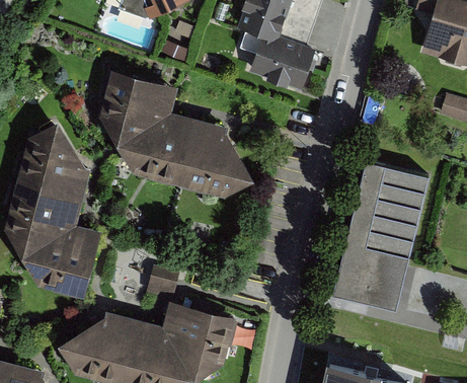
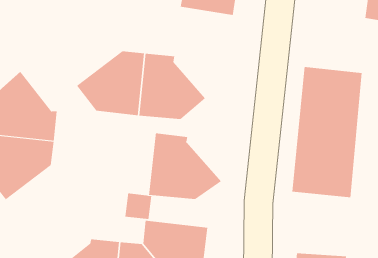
building: [99,70,178,143] -> none
building: none -> [148,133,222,200]
building: [20,225,101,298] -> none

